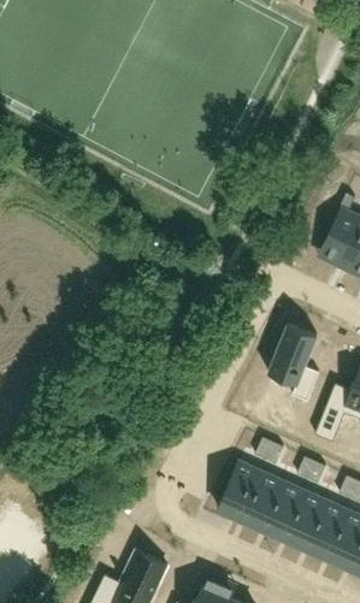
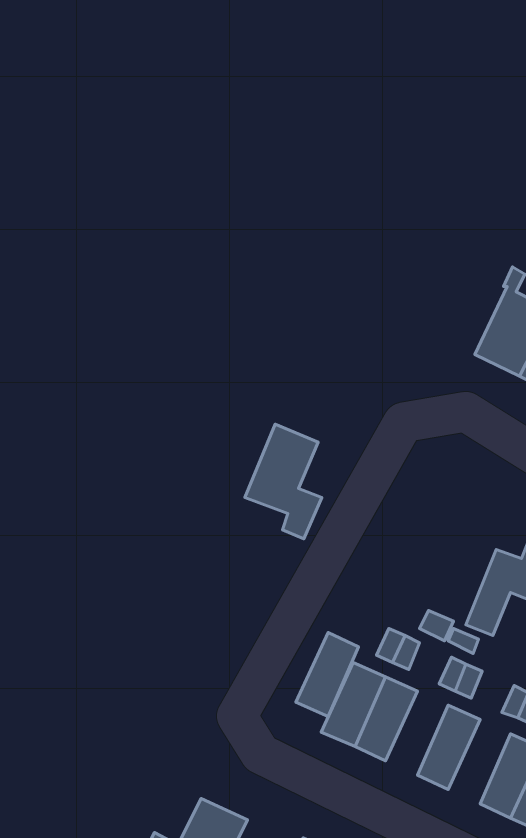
building: [267,324,319,401] -> [245,424,322,539]
building: [260,479,302,536] -> [296,633,359,717]
building: [302,498,344,555] -> none

